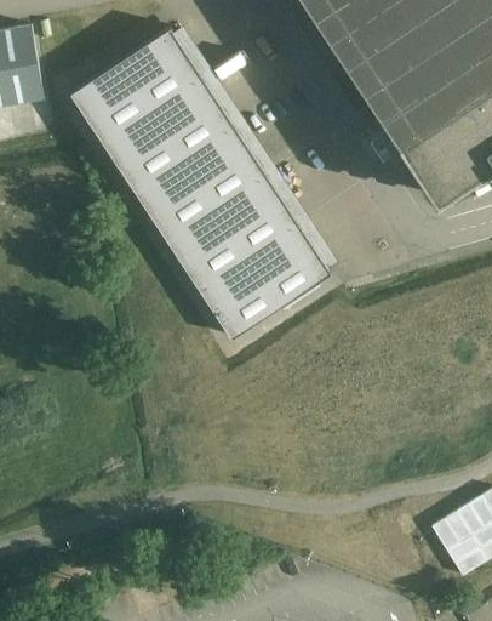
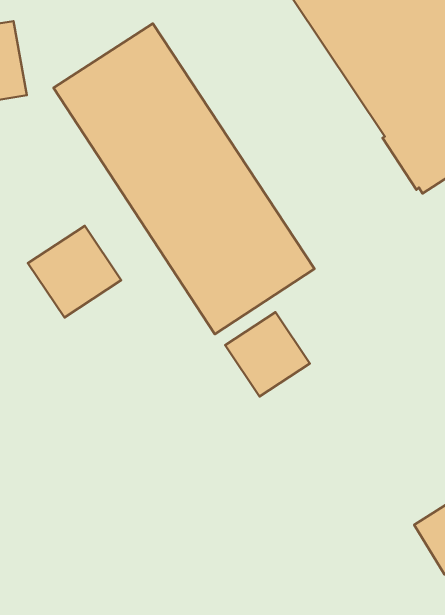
building: none -> [28,226,121,317]
building: none -> [225,312,310,396]

